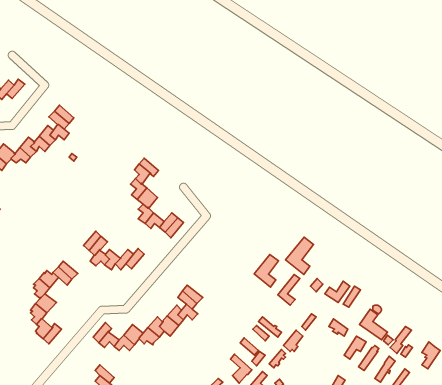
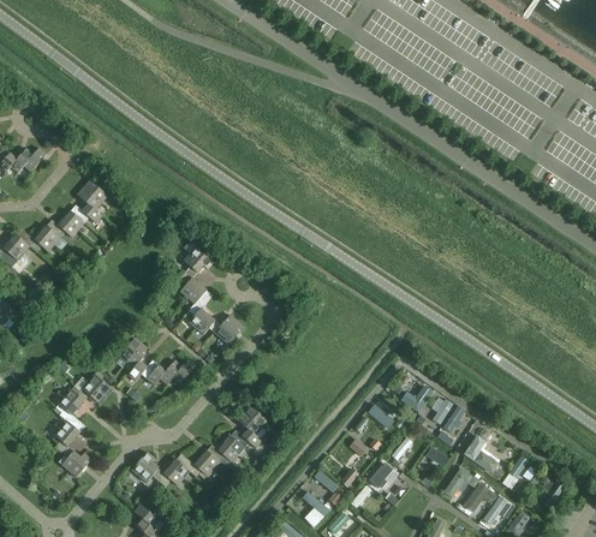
building: [286,237,314,275] -> none
building: [254,254,279,287] -> none

